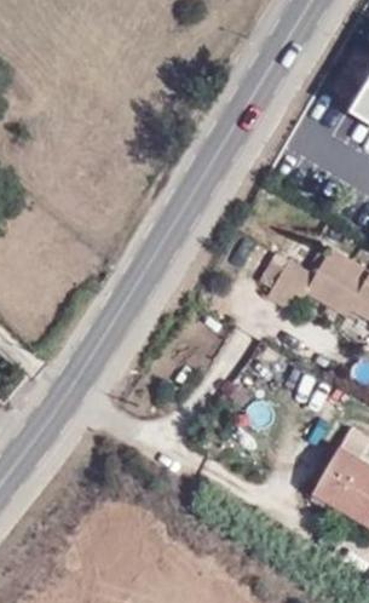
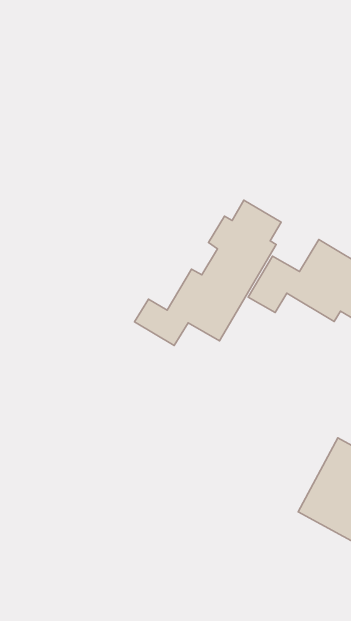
building: none -> [134,200,281,345]

